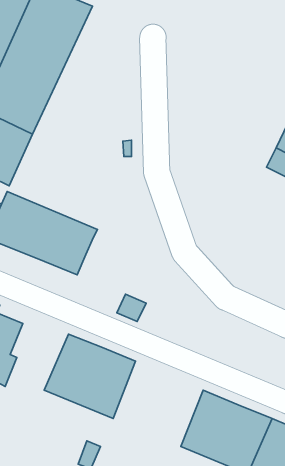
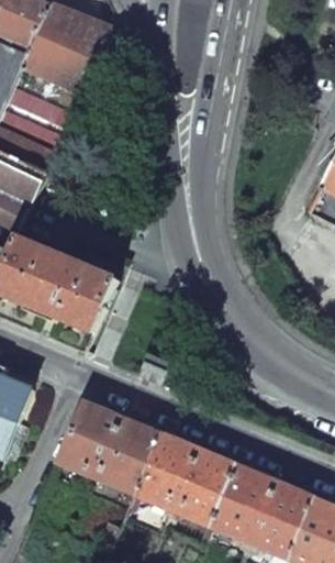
building: none -> [133,429,235,526]

